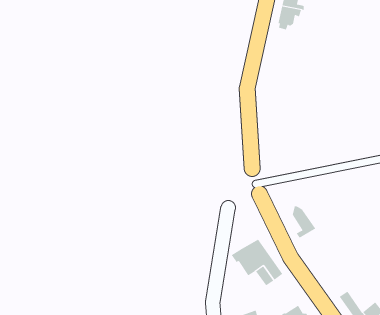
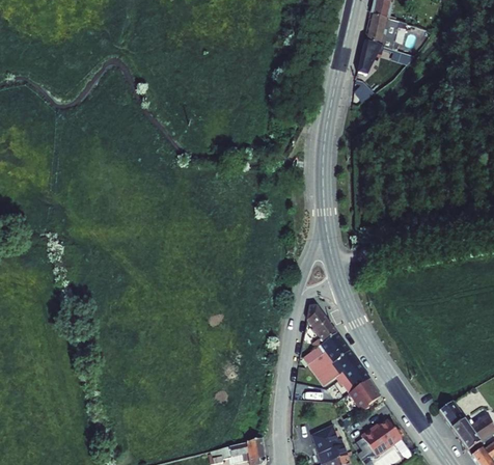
building: [292,206,316,238] -> [306,307,337,349]
building: none -> [347,382,380,414]

